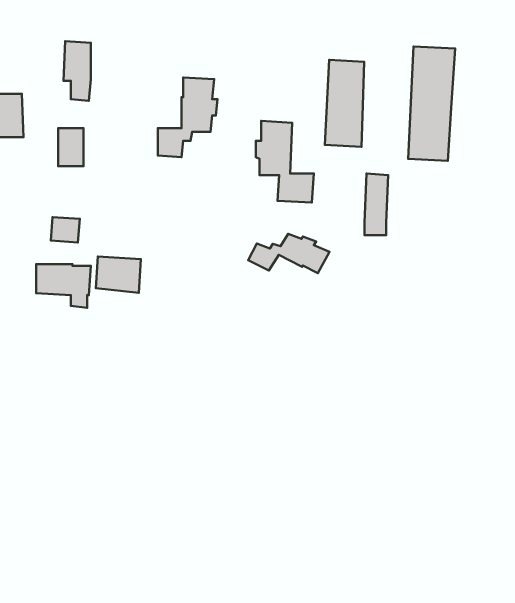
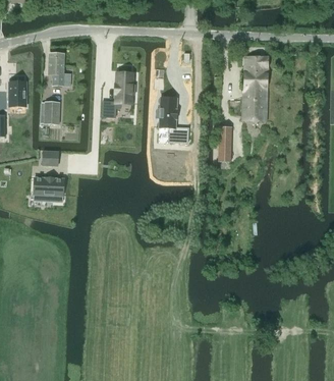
building: [325,60,364,147] -> none
building: [248,234,330,273] -> none
building: [96,256,141,293] -> none

